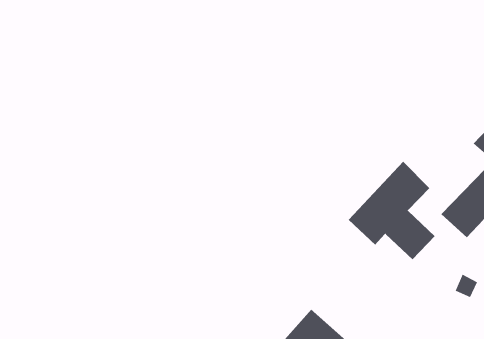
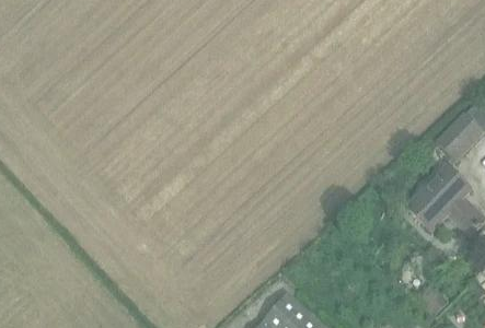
building: [348,161,436,260] -> none

